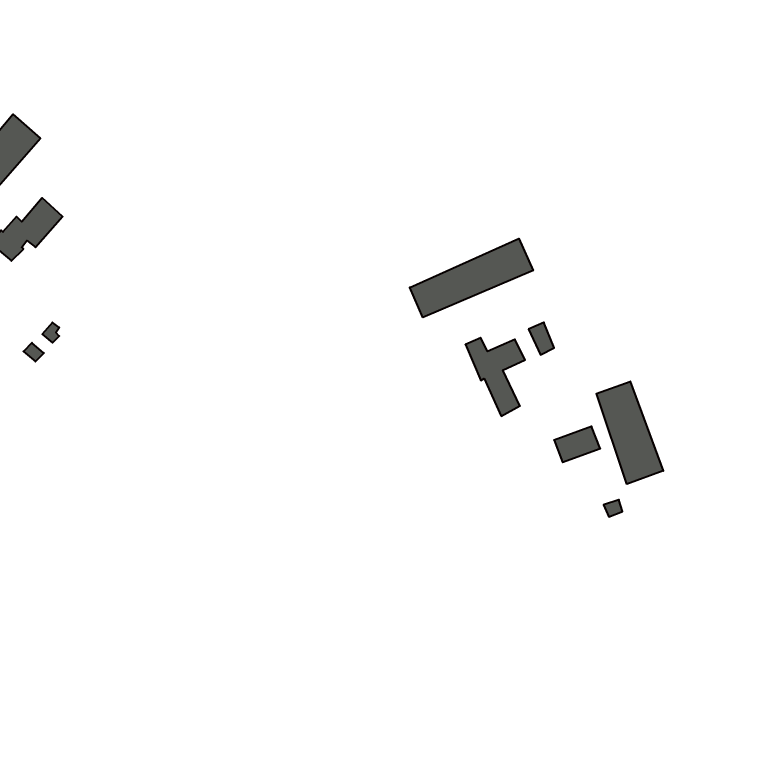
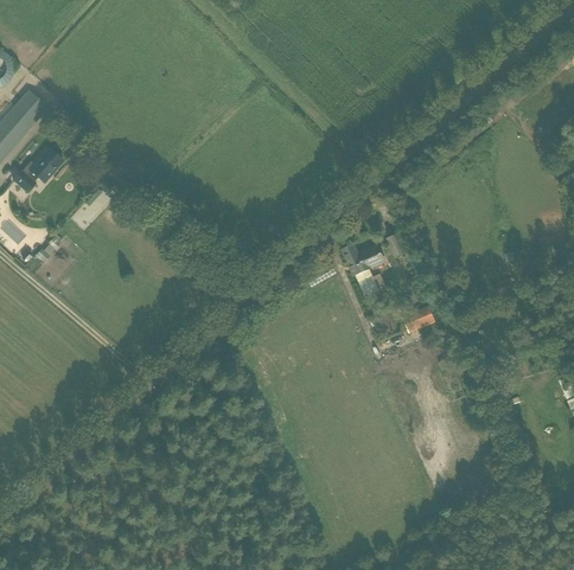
building: [410,239,533,317] -> none
building: [596,381,663,484] -> none

